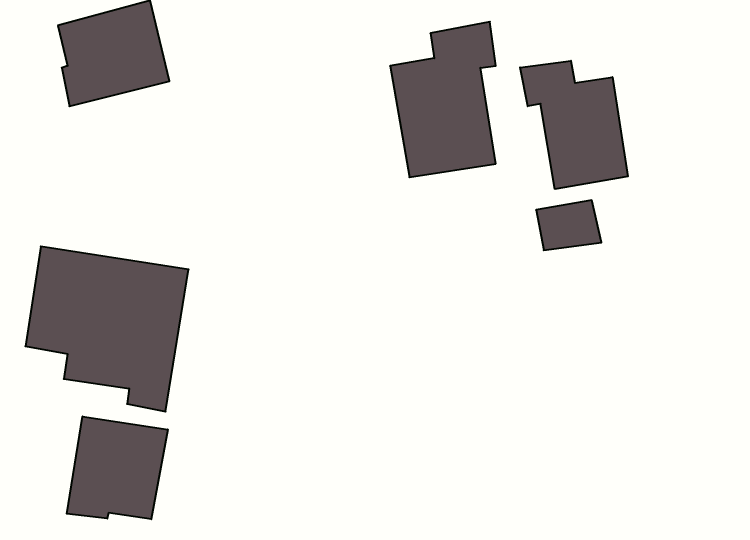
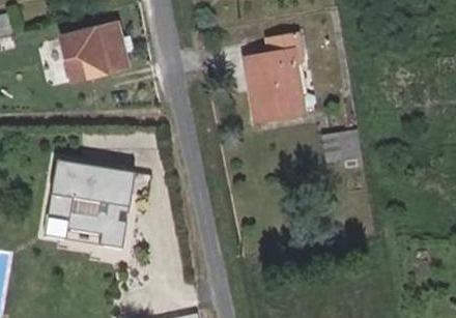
building: [520,61,628,189] -> none
building: [67,416,168,519] -> none

